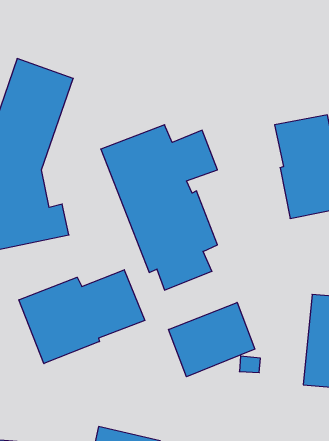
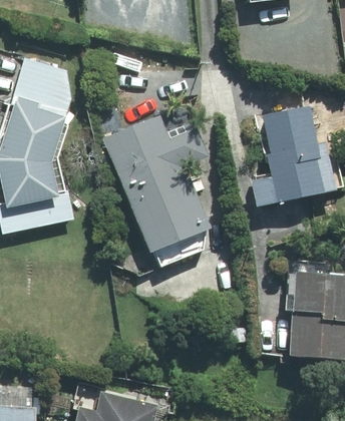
building: [19,270,145,364] -> none
building: [169,302,255,377] -> none

